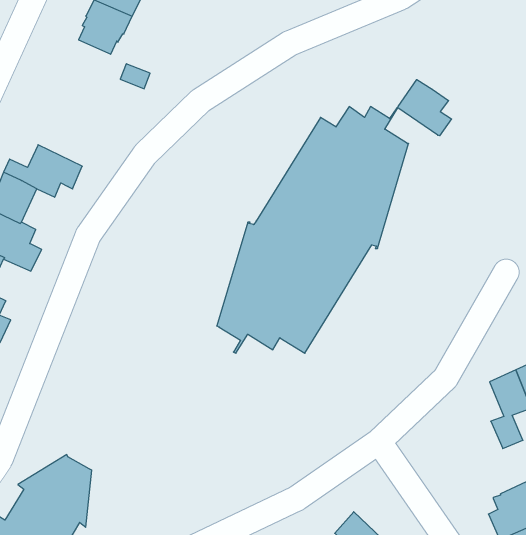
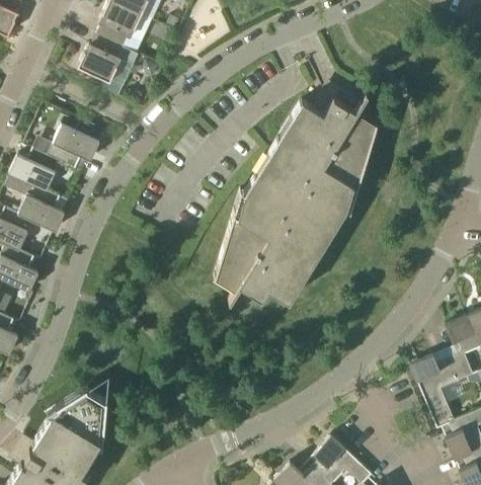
building: none -> [79,35,125,83]
building: [398,80,452,136] -> none
building: none -> [411,355,458,430]

